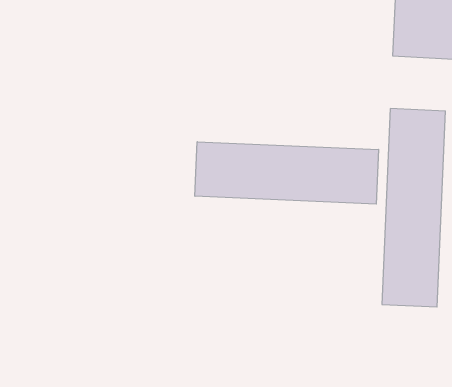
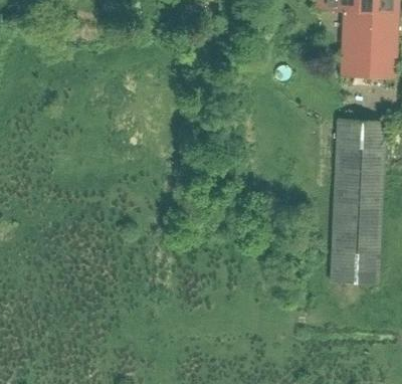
building: [195,142,379,204] -> none

